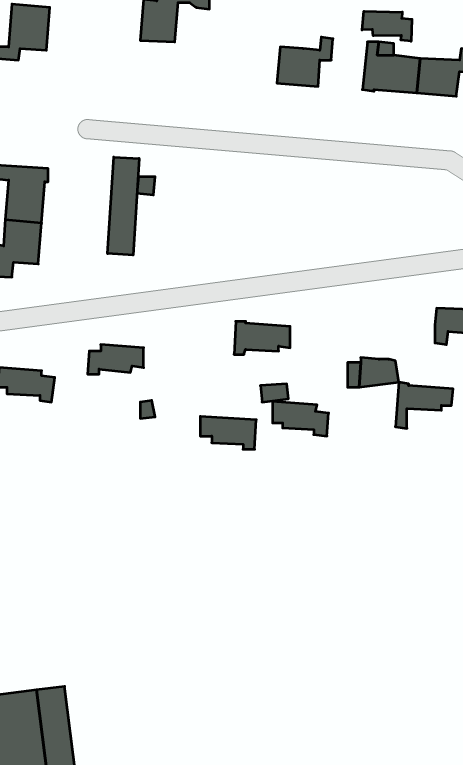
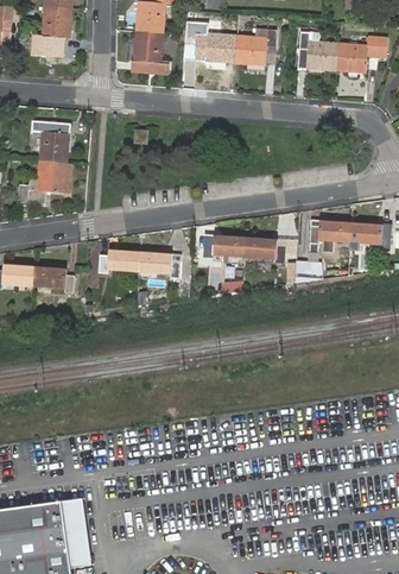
building: [362,11,412,41] -> none
building: none -> [197,24,238,62]
building: none -> [132,31,167,72]
building: [108,157,139,255] -> none
building: [395,382,453,428] -> [309,220,350,253]
building: [273,402,329,436] -> [245,238,285,263]
building: [200,416,256,449] -> [139,253,179,277]

